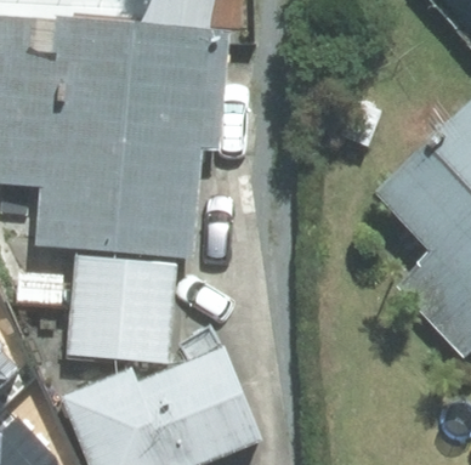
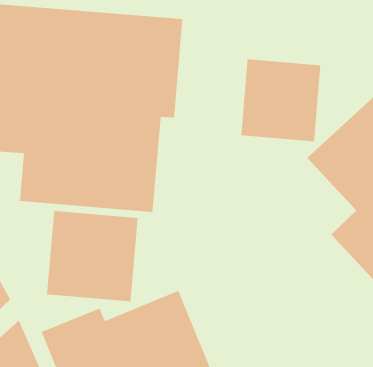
building: none -> [241,59,321,142]

